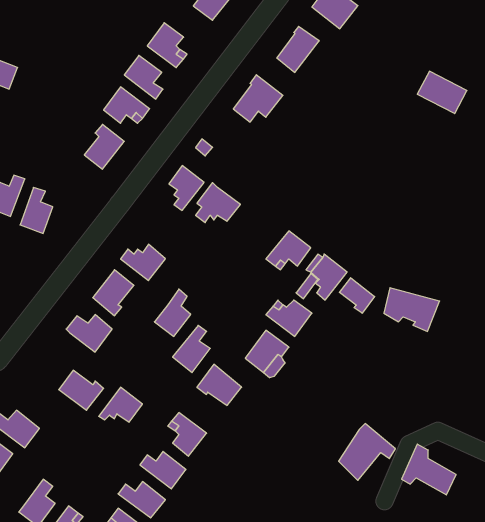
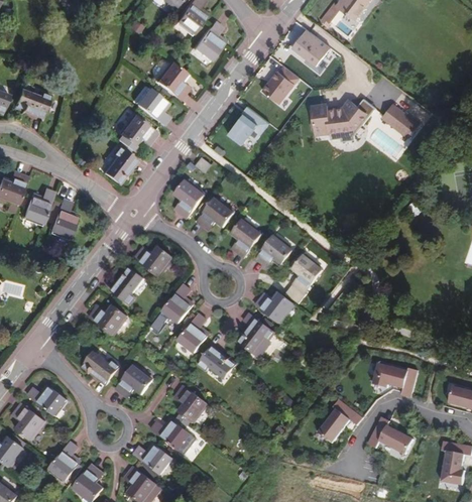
building: none -> [312,96,378,141]
building: none -> [232,220,261,257]
building: [339,278,375,313] -> none
building: [384,288,440,331] -> [373,360,420,396]

